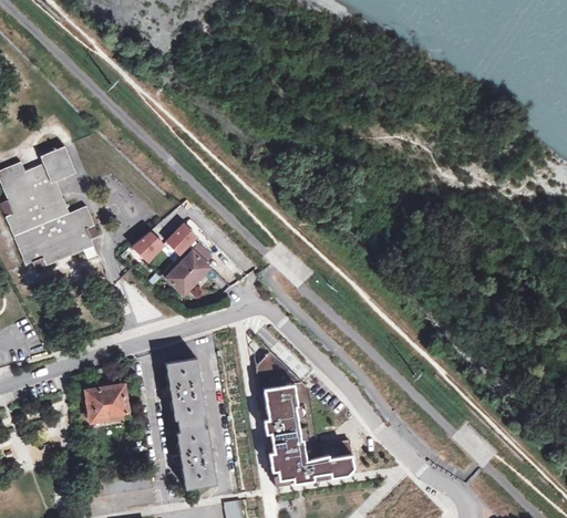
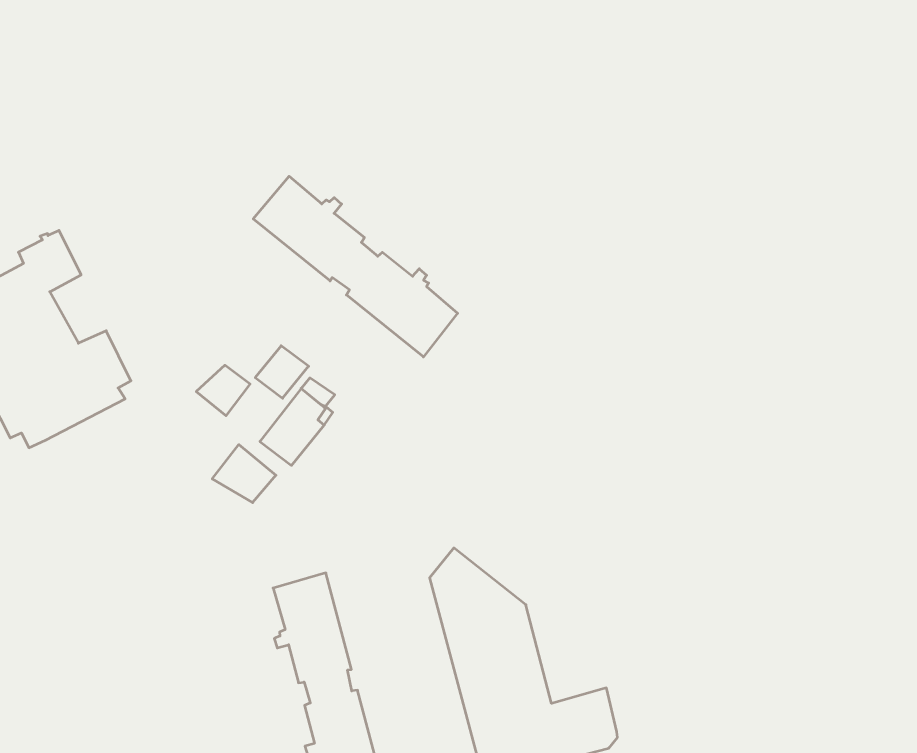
building: none -> [253,176,458,357]
building: none -> [212,445,276,503]
building: [89,386,127,421] -> none

